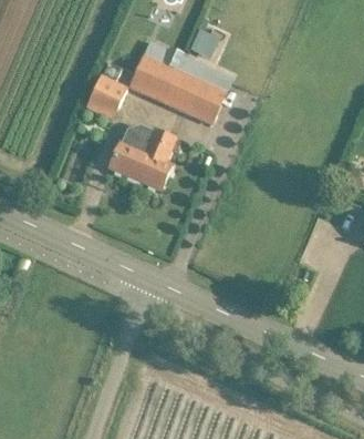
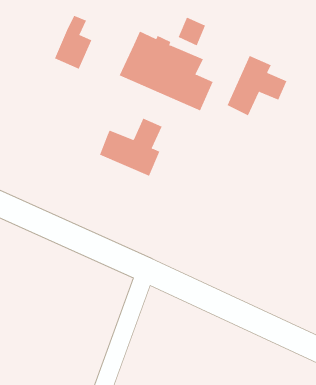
building: [89,63,127,119] -> [54,15,92,69]
building: none -> [227,55,287,116]

